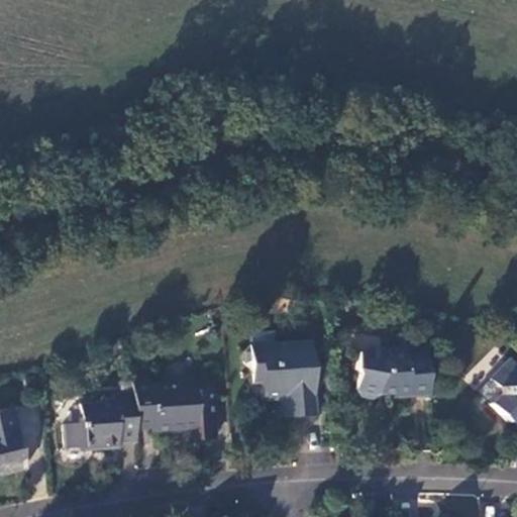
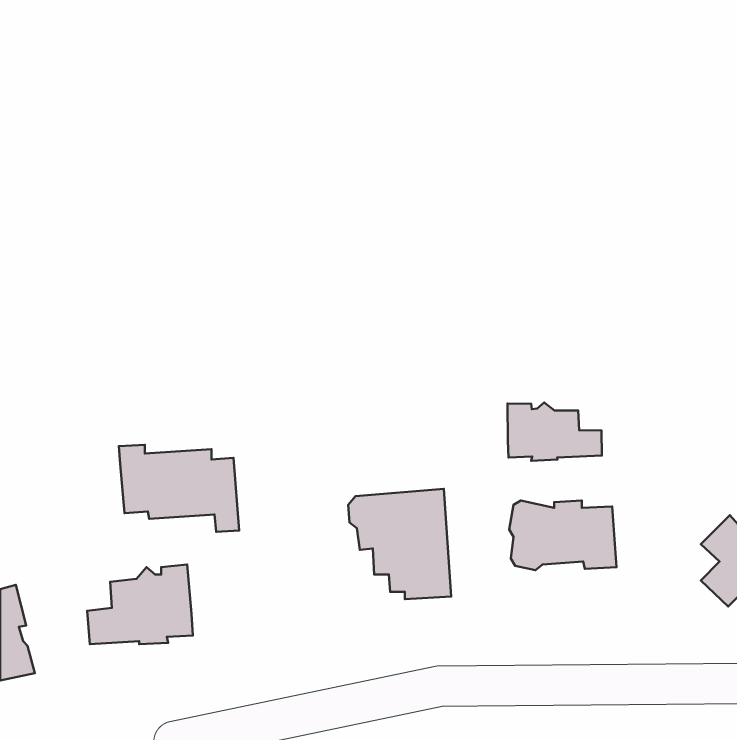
building: none -> [508,403,602,461]
building: [132,381,216,441] -> [119,445,239,532]

